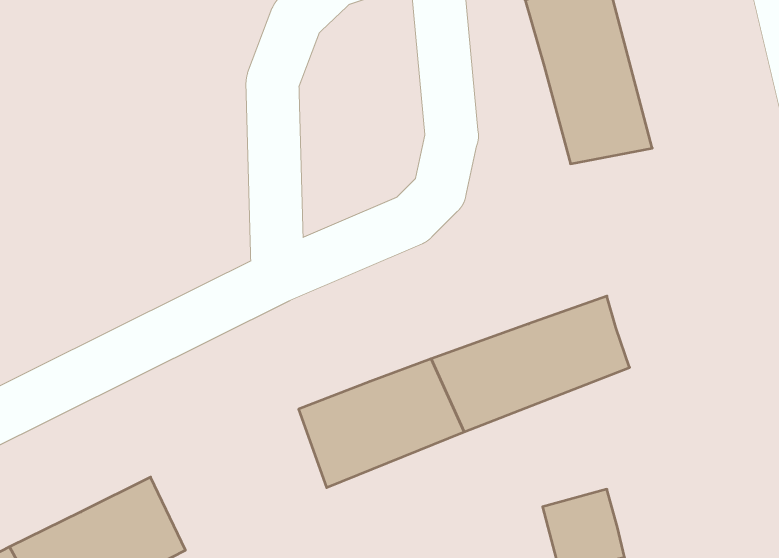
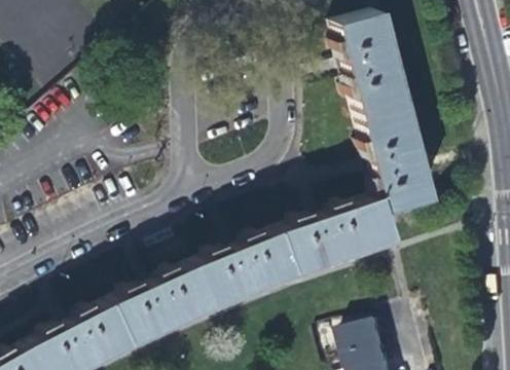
building: none -> [360,109,435,215]
building: none -> [112,263,216,346]

